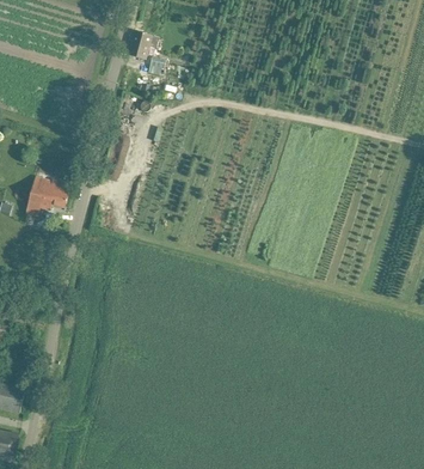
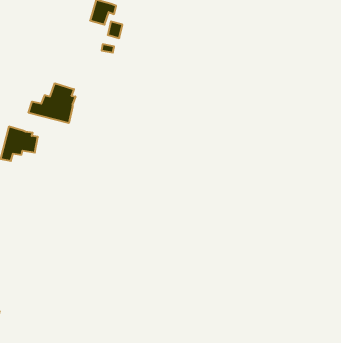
building: none -> [29,83,75,123]

